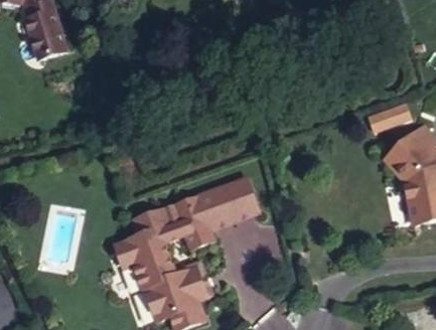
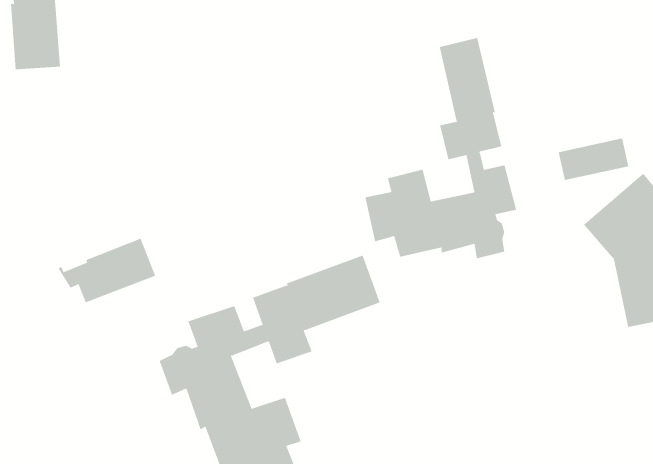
building: none -> [365,37,517,259]
building: none -> [58,238,156,303]

